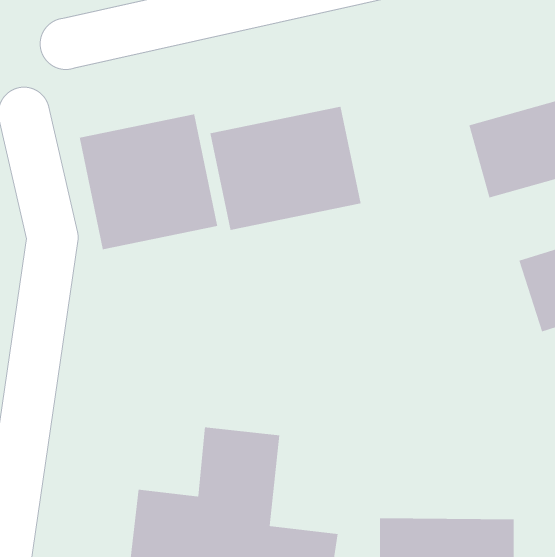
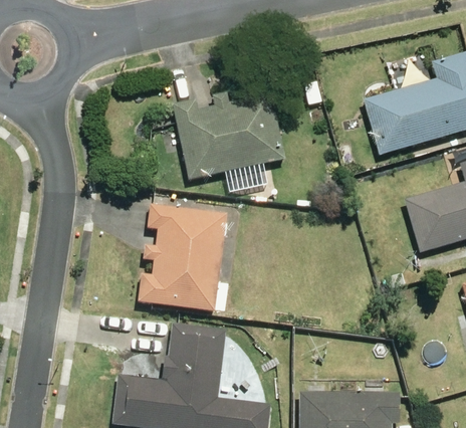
building: [79,113,218,250] -> none
building: none -> [136,202,228,311]

